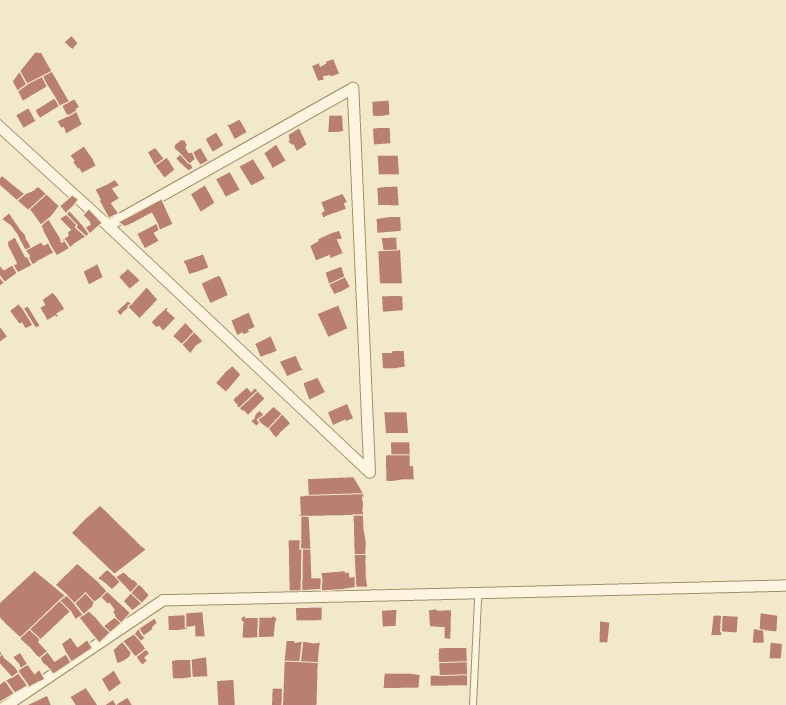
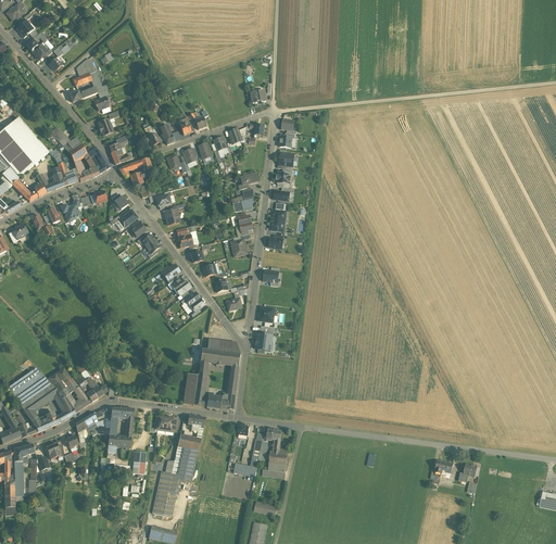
building: [71,505,147,575] -> none

